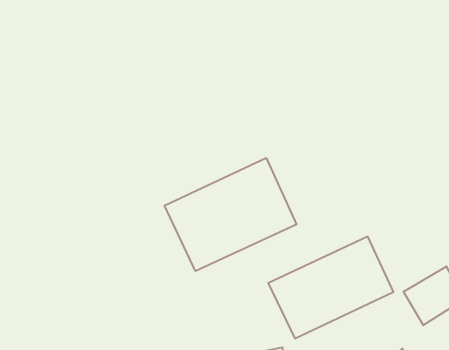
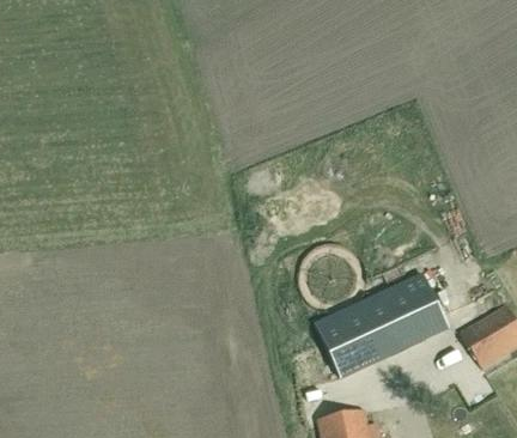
building: [165,158,296,271] -> none

